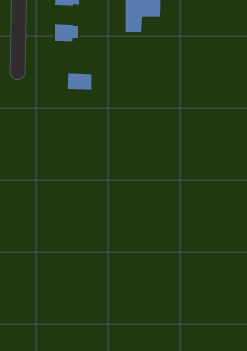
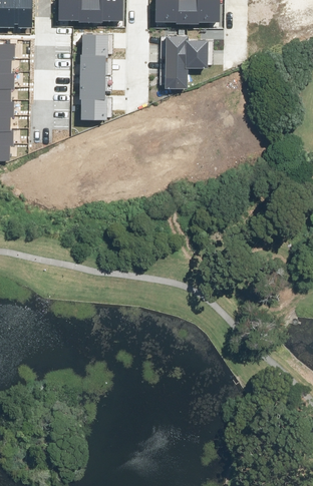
building: none -> [81,54,110,76]
building: [67,73,92,91] -> [80,96,110,117]

